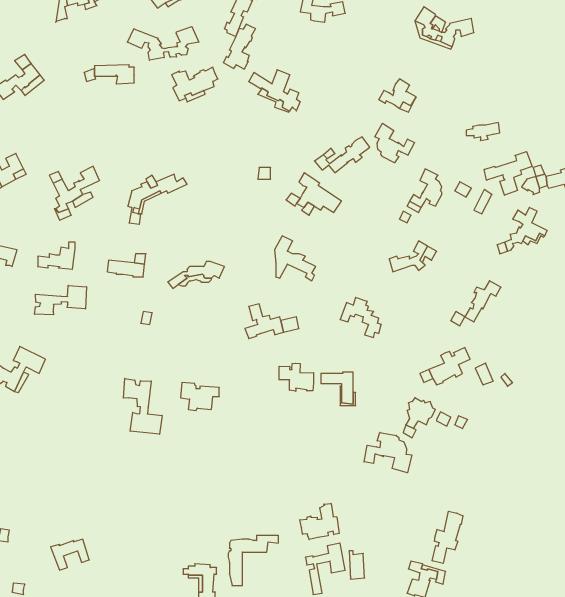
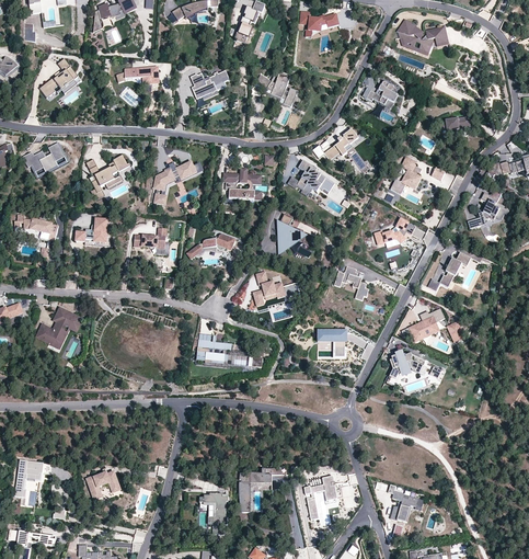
building: [224,24,255,69] -> none
building: [127,27,199,60] -> none
building: [375,123,415,163] -> none
building: [484,152,532,195] -> none
building: none -> [222,172,262,199]
building: [35,285,87,315] -> none
building: [279,363,314,391] -> none
building: [123,378,162,434] -> none
building: [364,432,412,473] -> none
building: [300,503,339,540] -> none
building: [432,511,463,563] -> none

